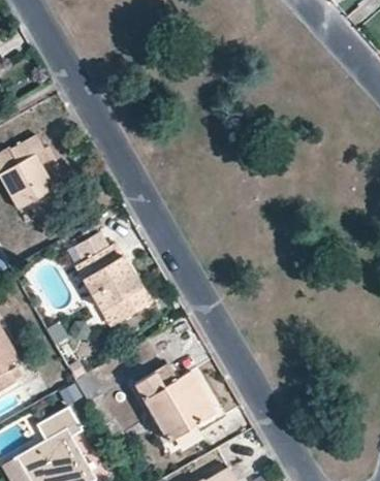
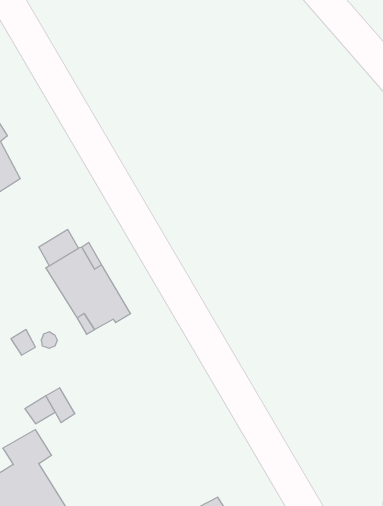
building: [136,364,216,443] -> none

